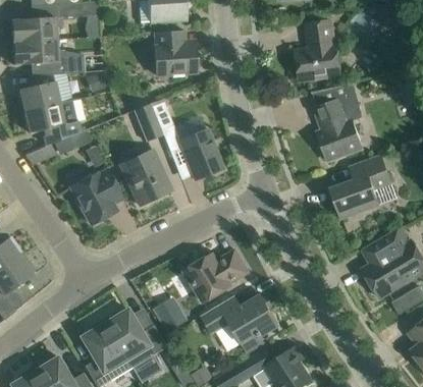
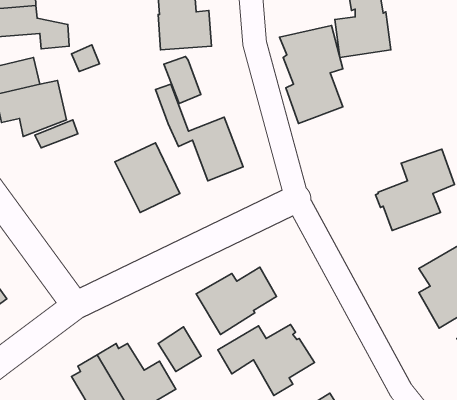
building: [312,82,363,161] -> [279,26,343,123]
building: [133,103,162,141] -> [164,56,201,103]
building: [70,168,123,224] -> none

